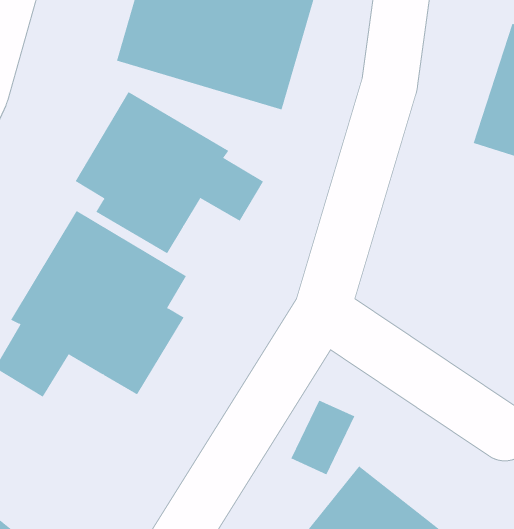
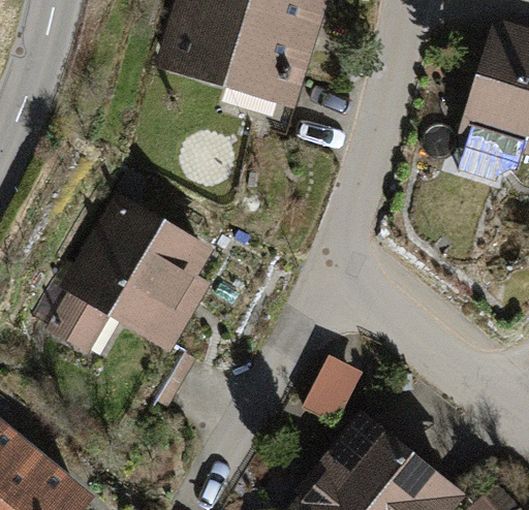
building: [75,91,264,254] -> none

